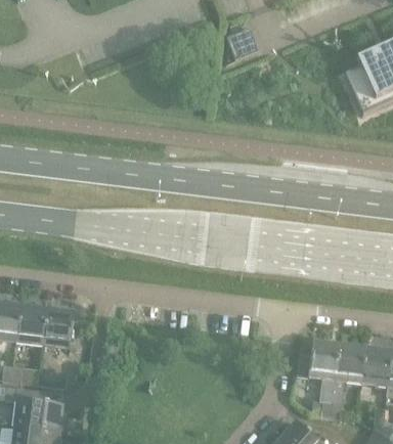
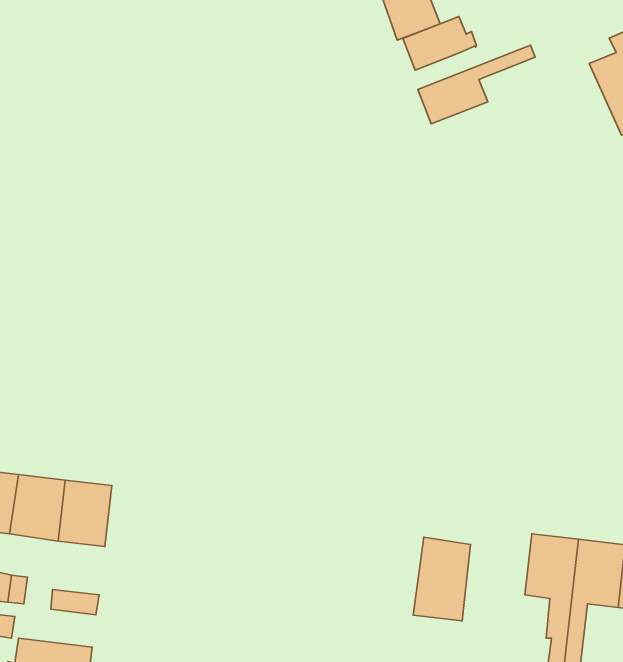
building: none -> [403,17,476,70]
building: none -> [418,45,535,124]
building: none -> [413,537,471,621]

